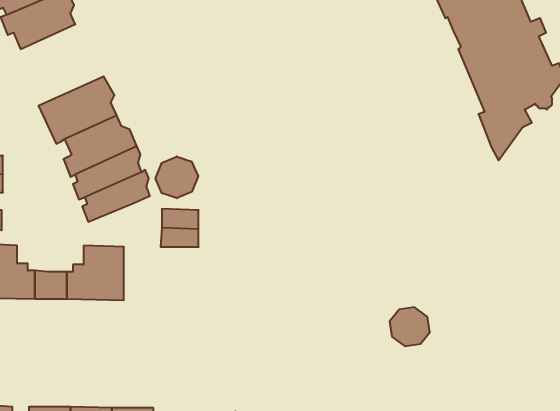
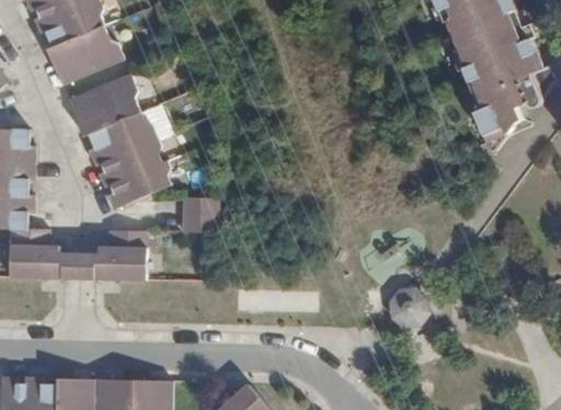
building: none -> [44,25,119,86]
building: [156,156,198,198] -> none

